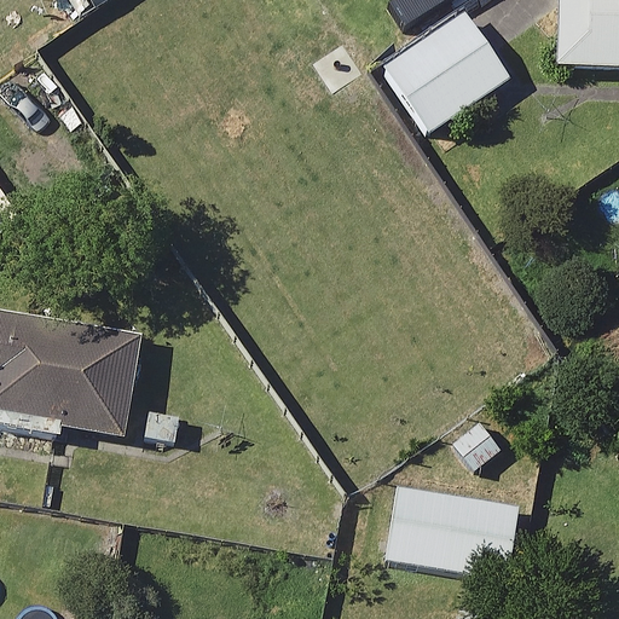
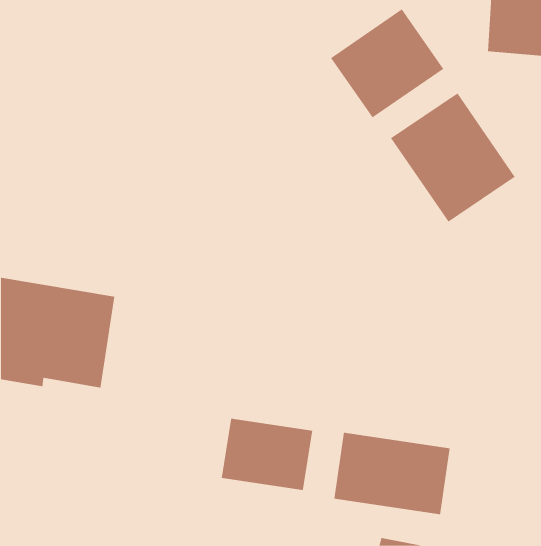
building: none -> [390,92,516,223]
building: none -> [221,418,313,491]

